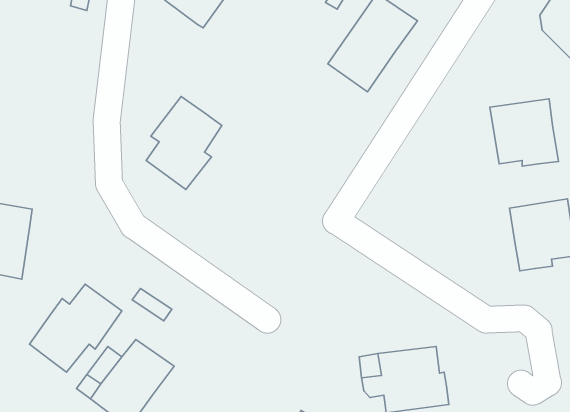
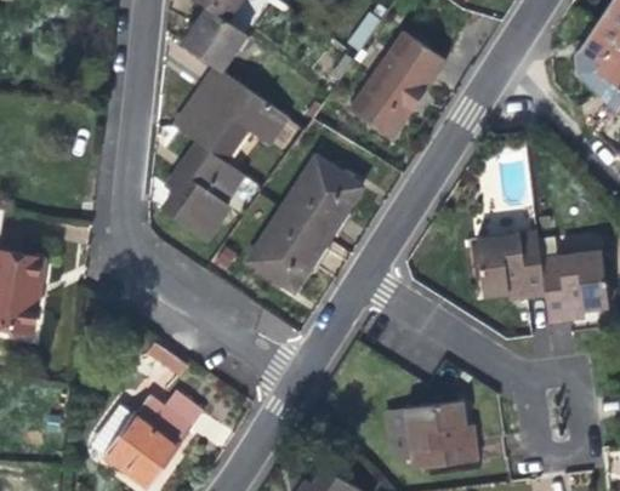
building: none -> [175,67,288,159]
building: [490,99,558,166] -> [476,230,547,301]
building: none -> [248,158,363,290]
building: [30,284,122,372] -> none

